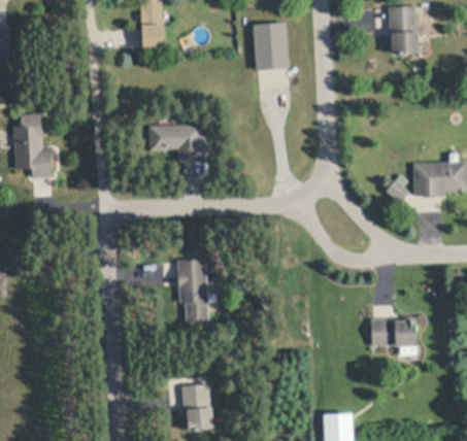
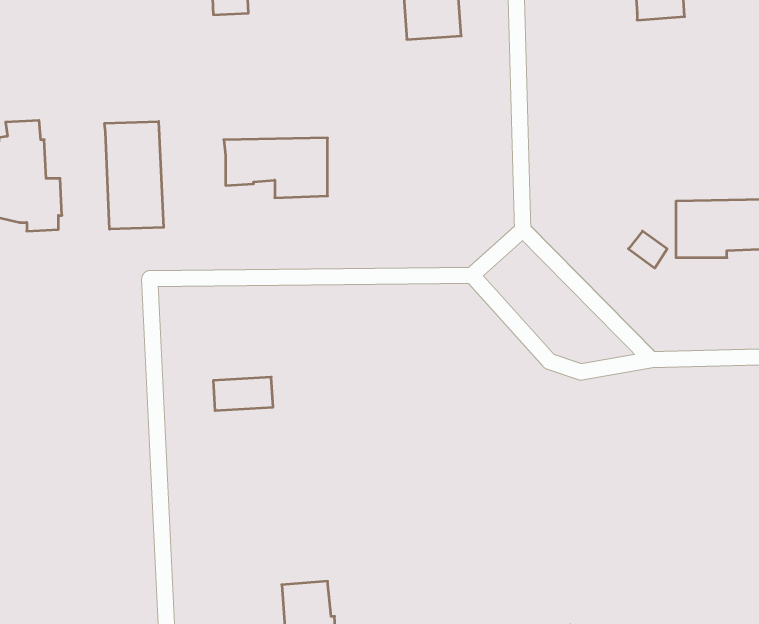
building: none -> [105,121,164,229]
building: [178,257,208,316] -> none
building: [371,317,415,350] -> none

